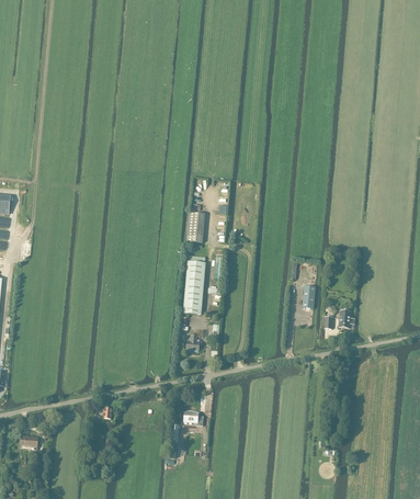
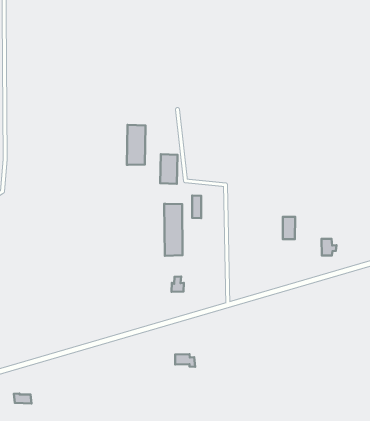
building: none -> [127,125,146,165]

